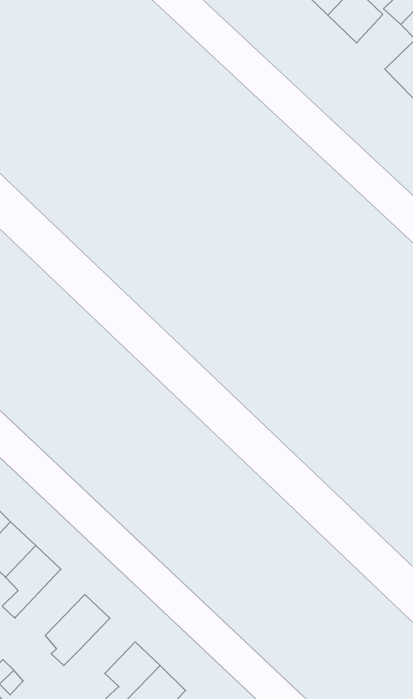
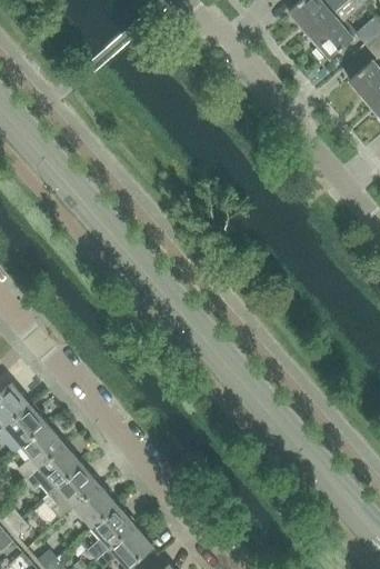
building: none -> [27,443,81,493]
building: none -> [73,485,117,527]

